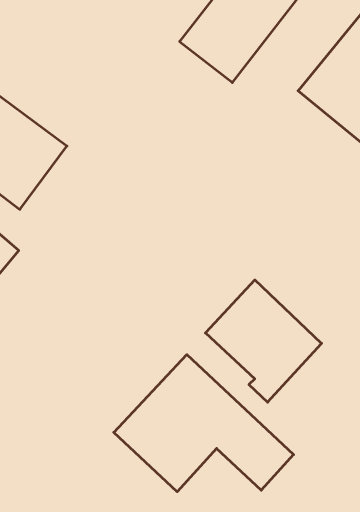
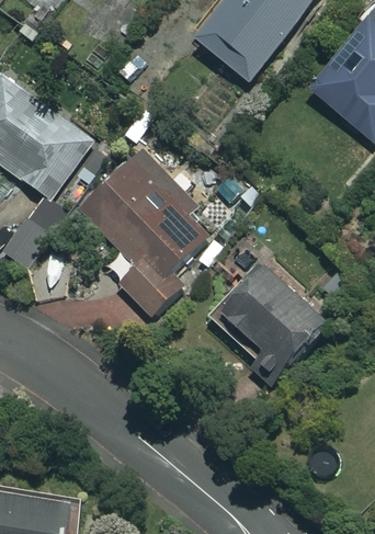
building: none -> [82,151,224,318]
building: [114,355,294,492] -> none

